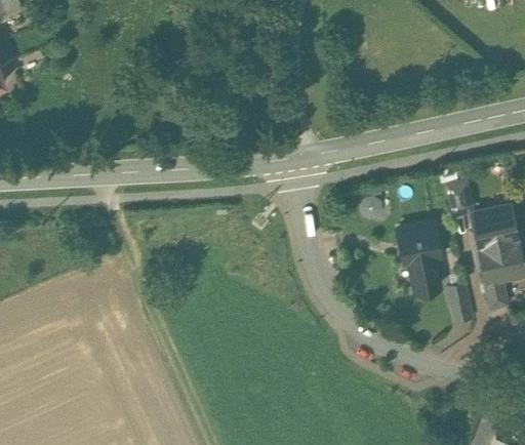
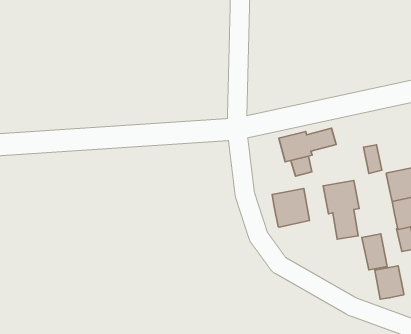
building: none -> [279,128,336,162]
building: none -> [272,189,310,227]
building: none -> [375,266,404,299]

